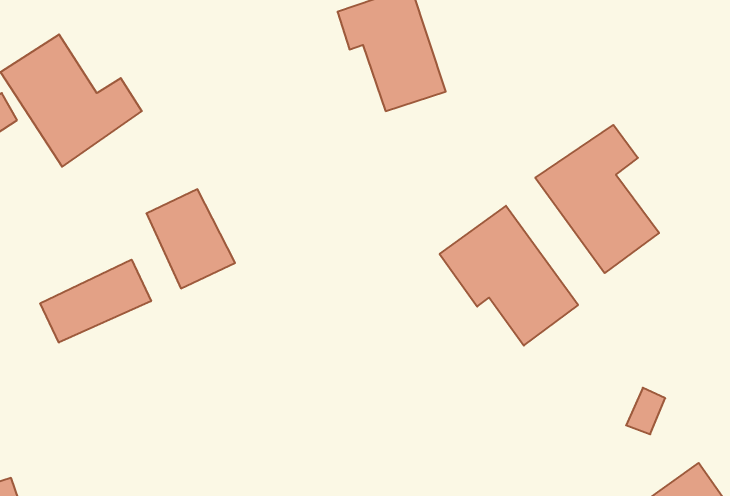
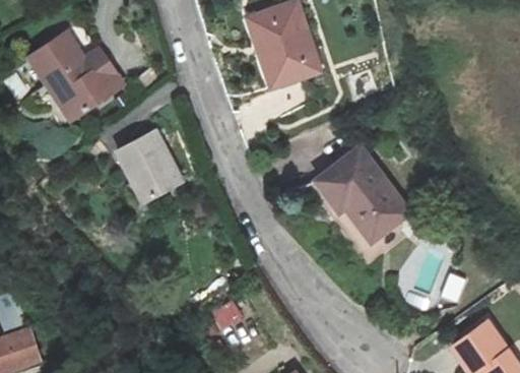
building: [535,125,659,273] -> none
building: [40,260,151,343] -> none

